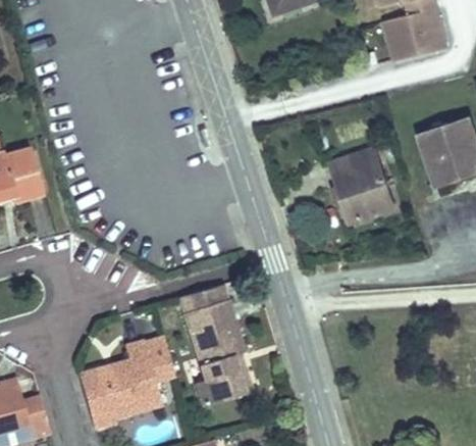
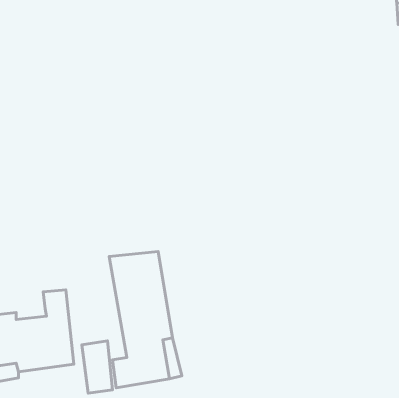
building: [329,147,394,220] -> none
building: [144,331,176,379] -> [82,341,112,393]

